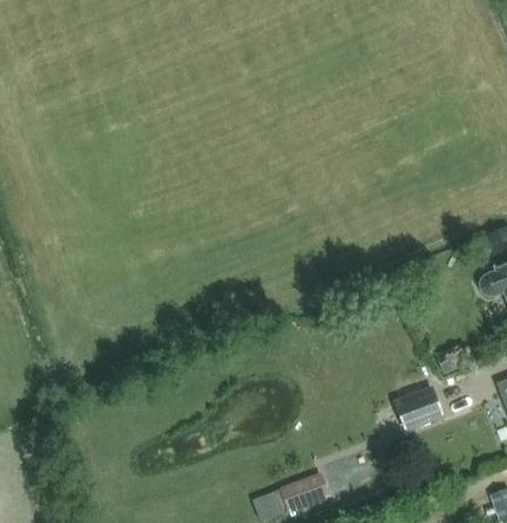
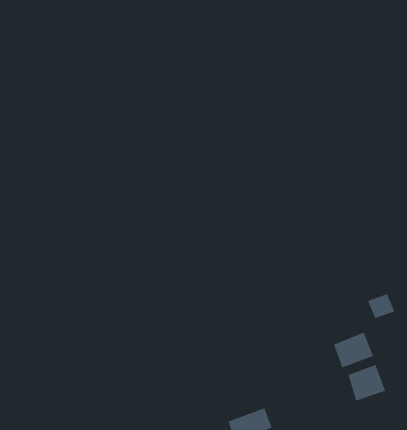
building: none -> [348,364,386,402]

